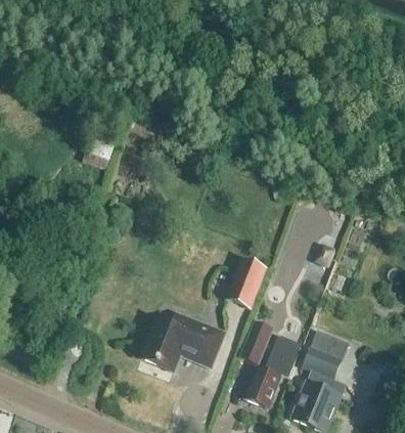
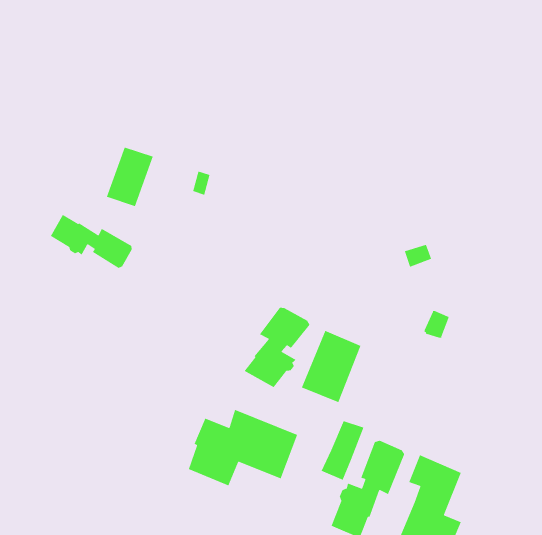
building: none -> [50,214,132,269]
building: none -> [244,307,311,388]
building: [311,331,349,359] -> none

